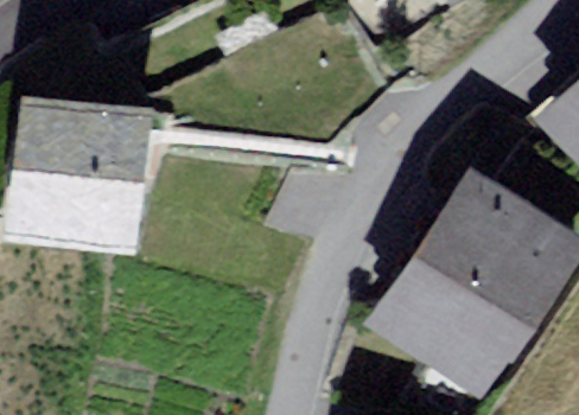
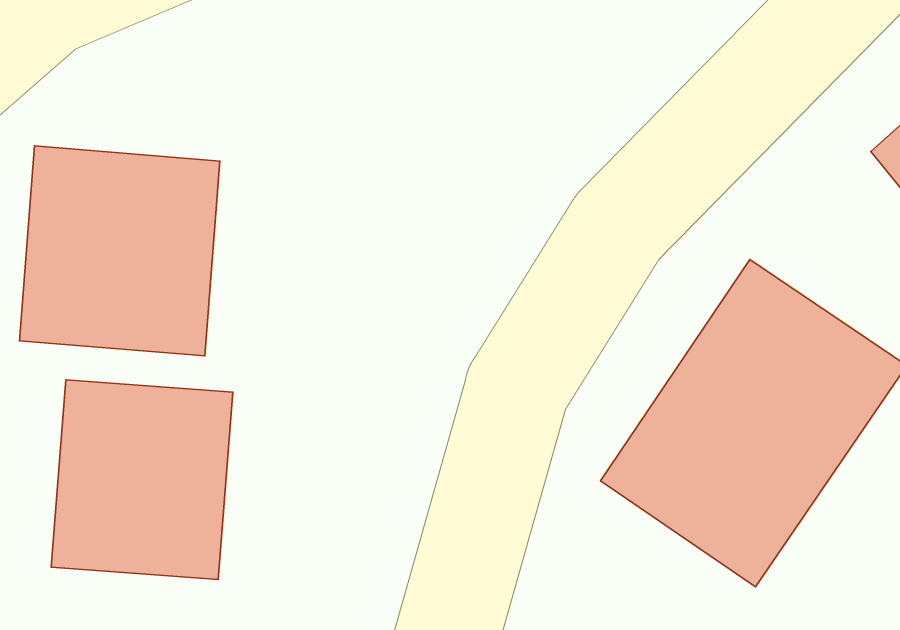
building: none -> [51,380,233,579]

